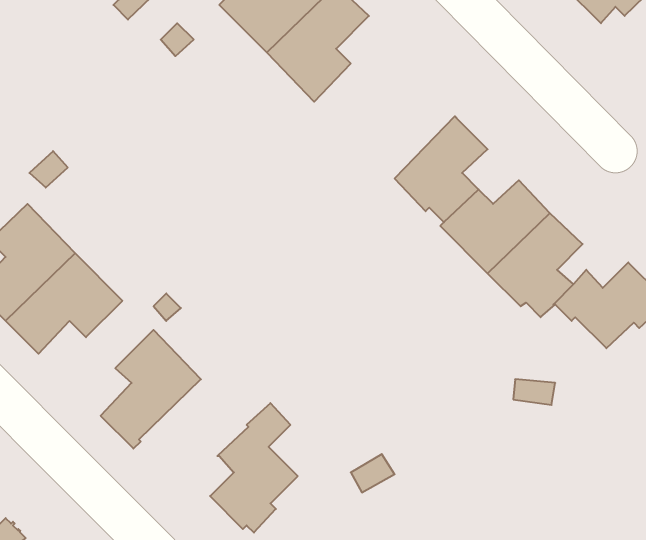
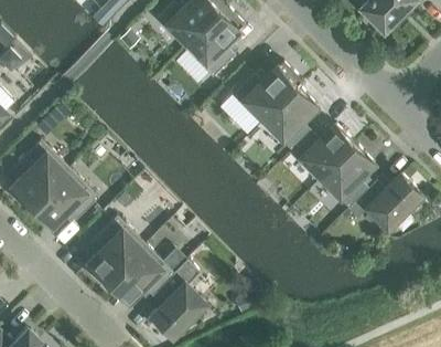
building: none -> [232,63,303,124]
building: none -> [107,245,173,302]

